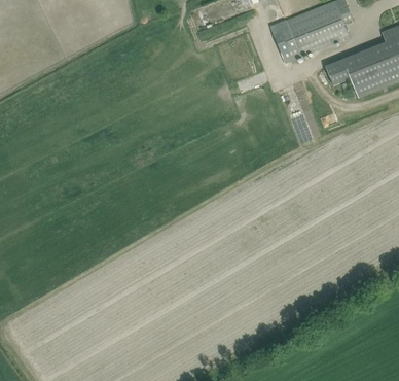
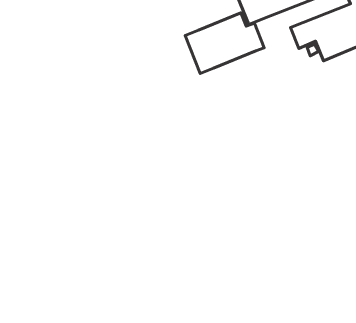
building: none -> [185,13,264,74]

